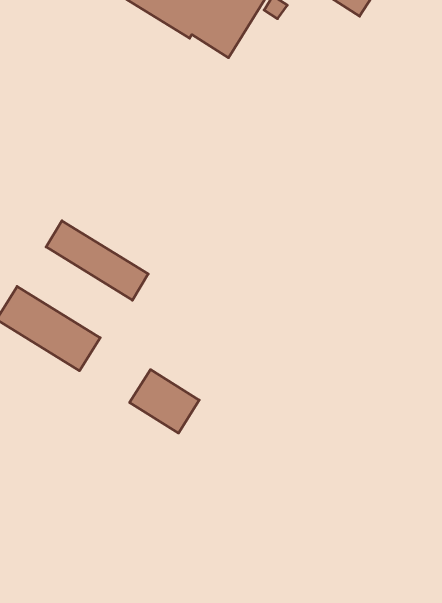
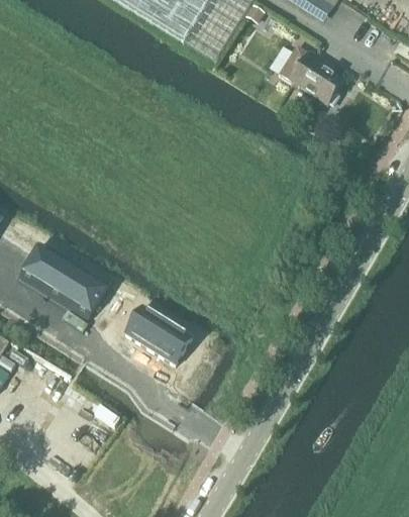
building: none -> [280,39,347,101]
building: [46,221,148,300] -> none

